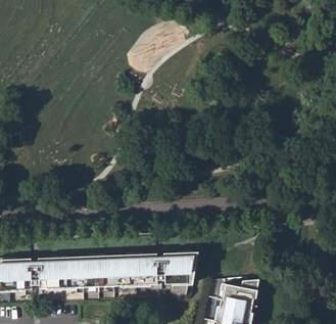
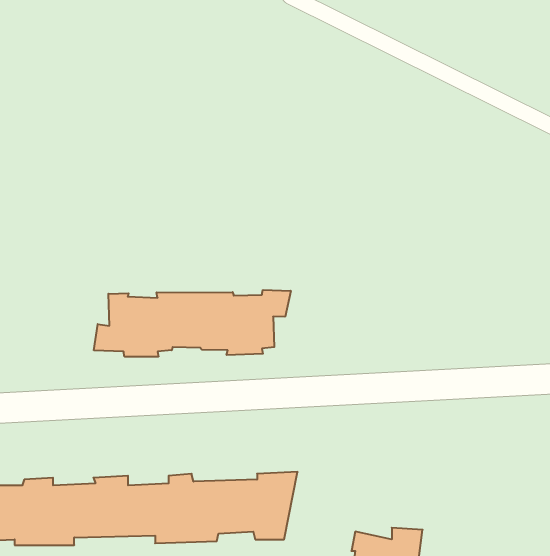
building: none -> [94,290,291,357]

